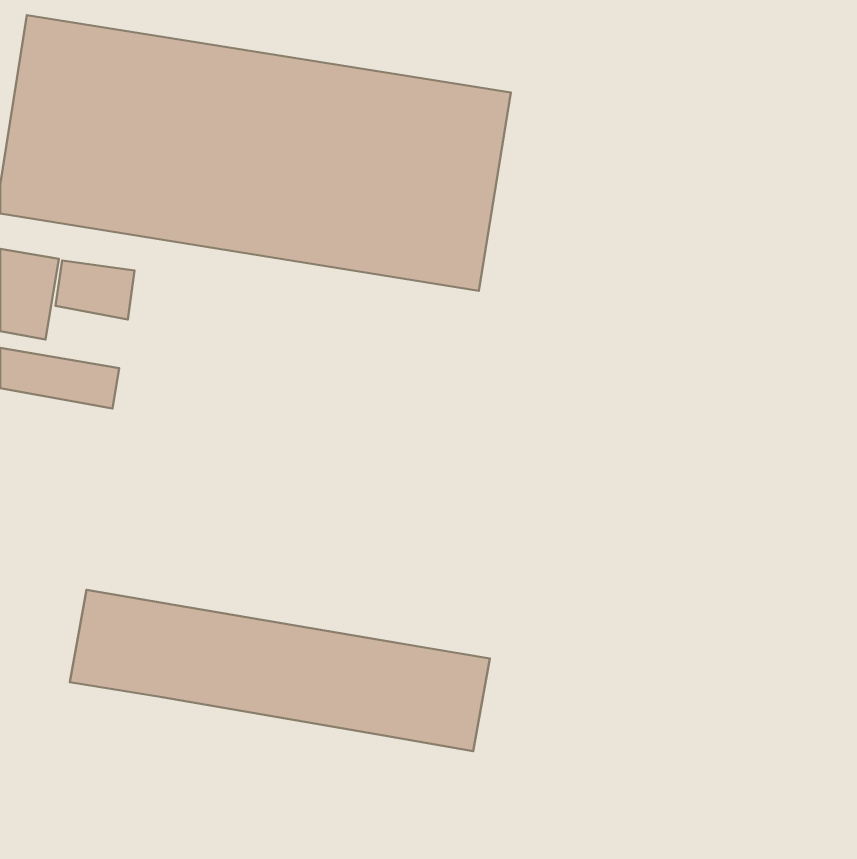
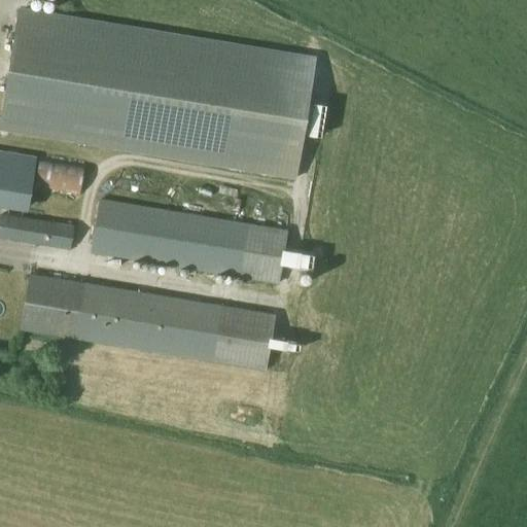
building: none -> [91,199,314,284]
building: [70,590,490,751] -> [20,273,277,372]

